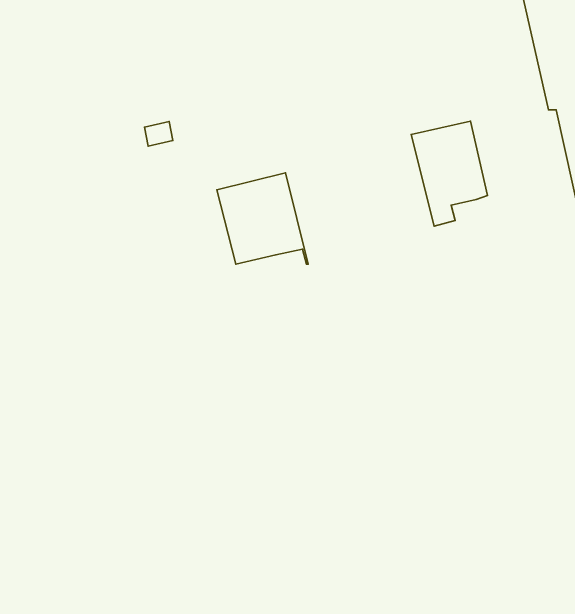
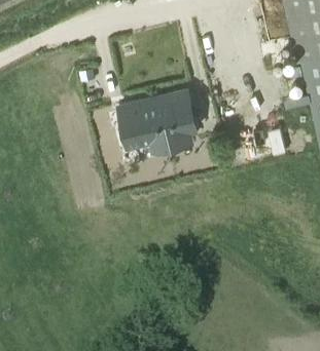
building: [411,121,488,226] -> [156,93,198,150]

